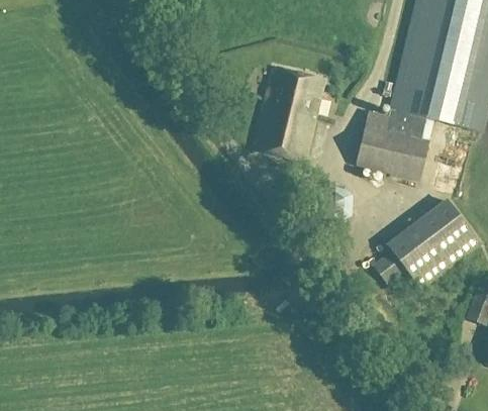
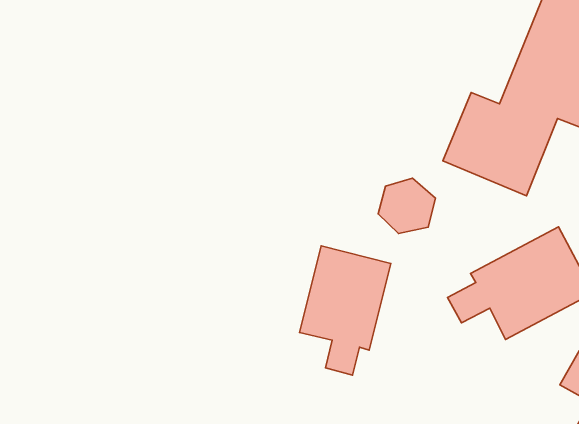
building: [251,64,326,163] -> none
building: none -> [299,246,391,375]

